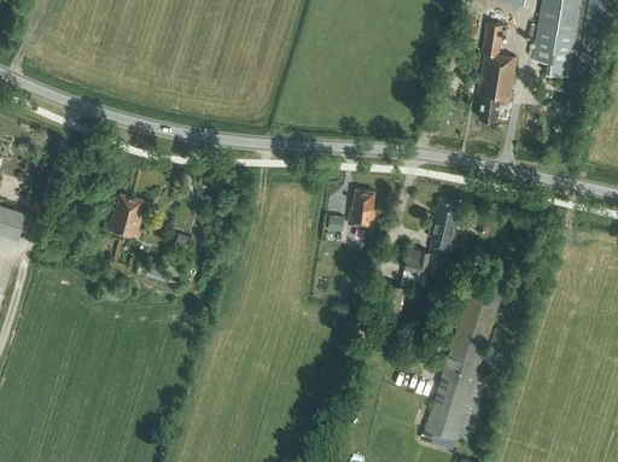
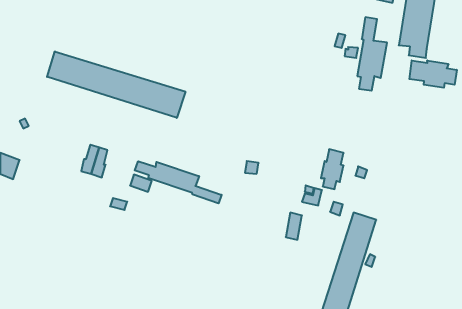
building: none -> [47,51,185,118]
building: none -> [409,60,457,88]
building: [348,191,375,228] -> none
building: none -> [135,161,222,203]

